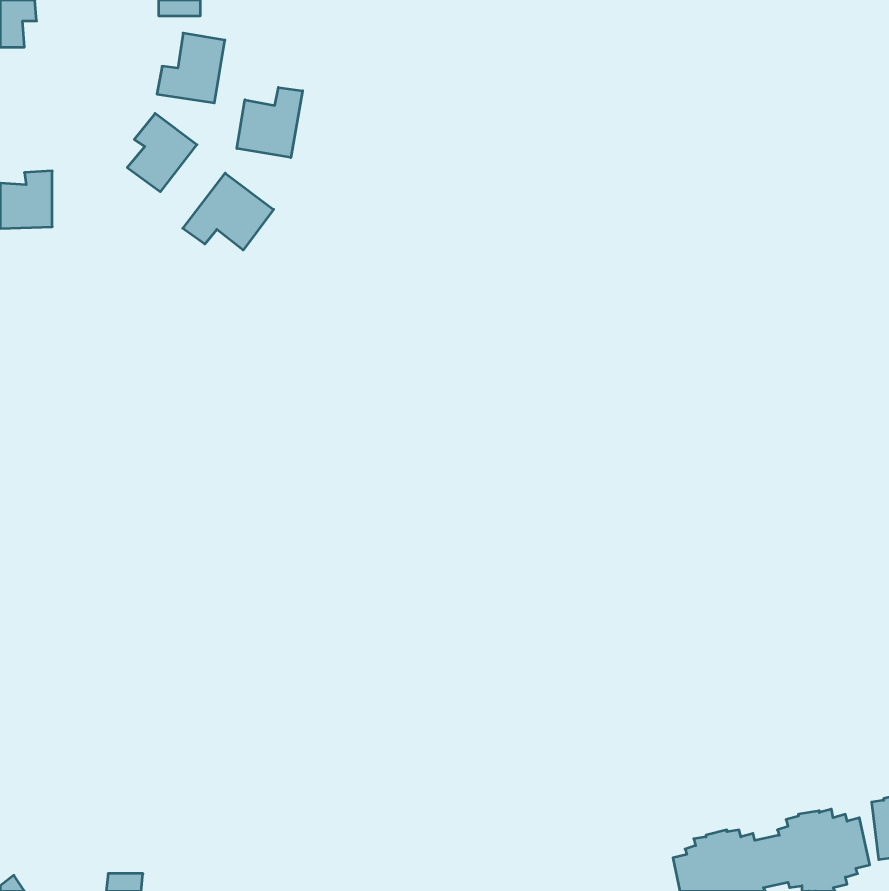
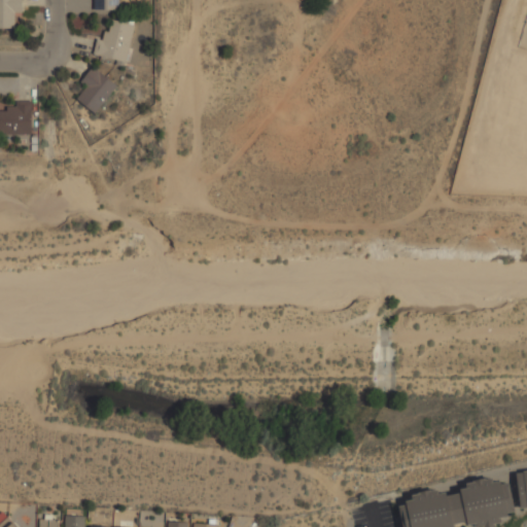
building: [237,87,303,158] -> none
building: [183,173,274,250] -> none

